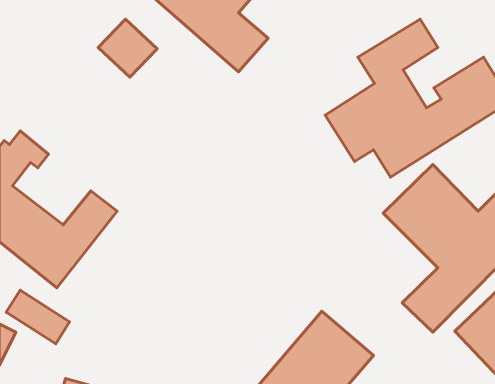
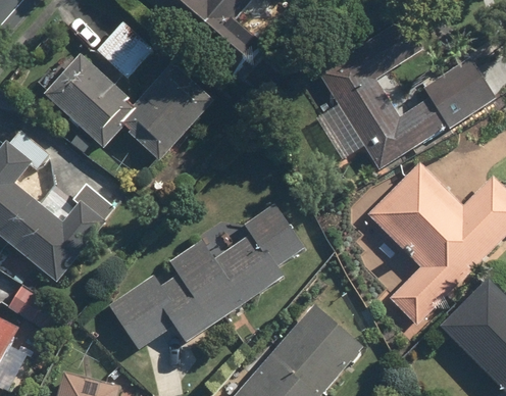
building: none -> [43,53,214,161]
building: none -> [110,201,303,348]

